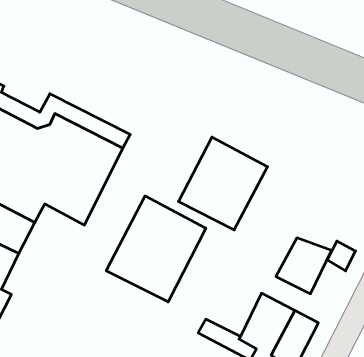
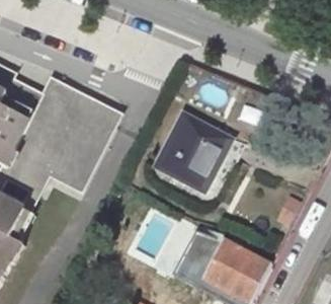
building: [106,196,206,302] -> none
building: [276,238,332,294] -> [179,235,225,281]

